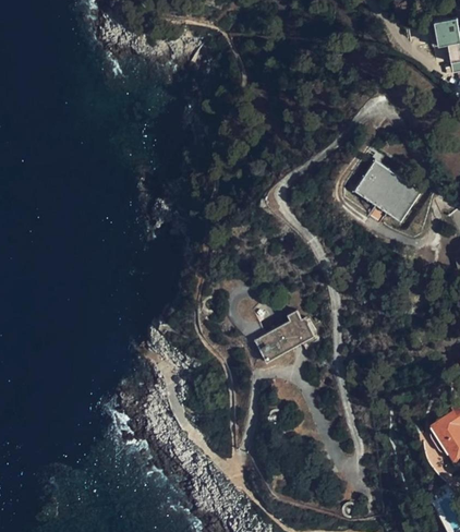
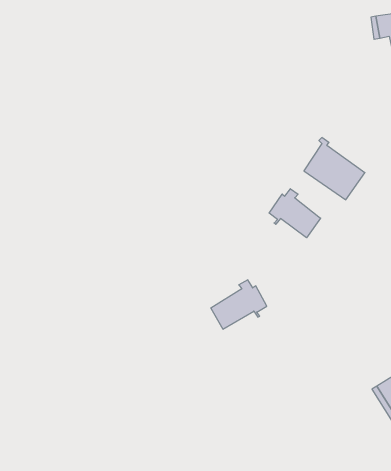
building: none -> [269,189,321,238]

